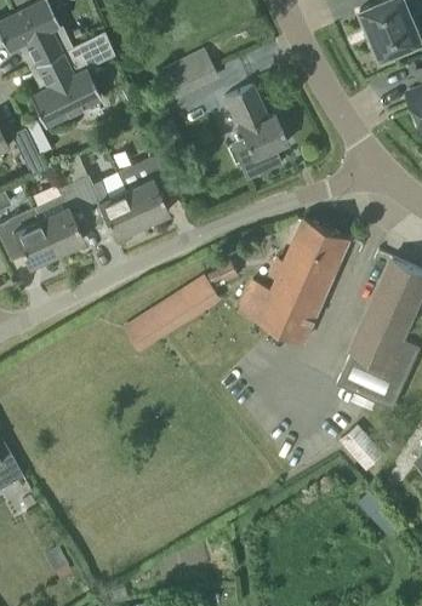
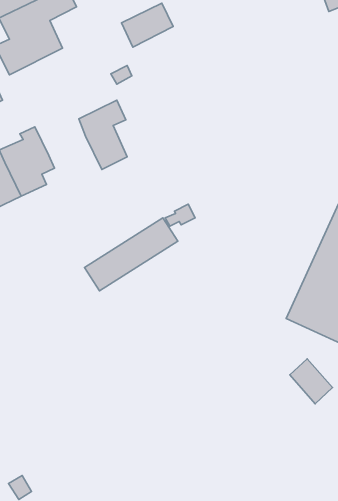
building: [224,86,287,182] -> none
building: [70,175,141,239] -> none
building: [238,218,349,344] -> none

